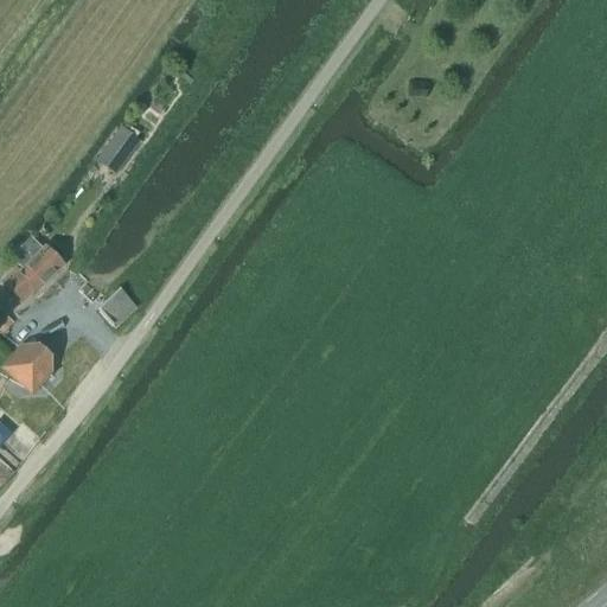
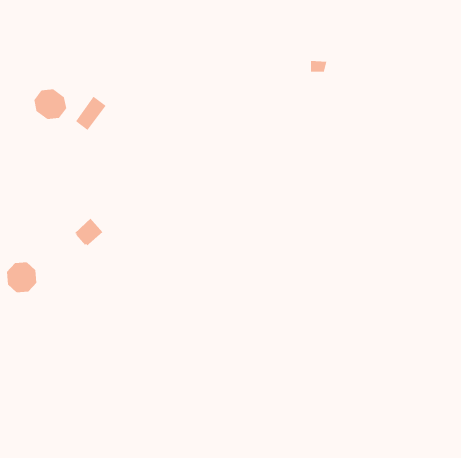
building: none -> [34,88,67,120]
building: [8,242,65,299] -> none

